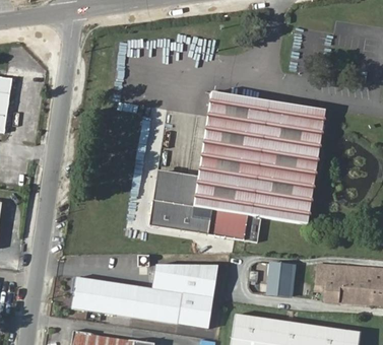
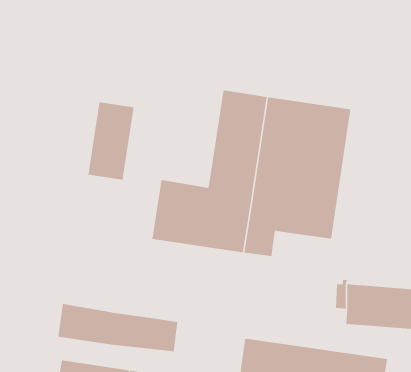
building: none -> [88,102,134,180]
building: [267,264,288,295] -> none
building: [148,268,214,329] -> none

